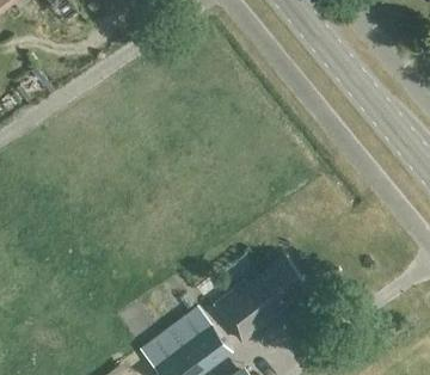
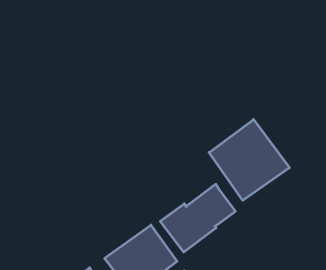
building: none -> [209,119,289,200]

